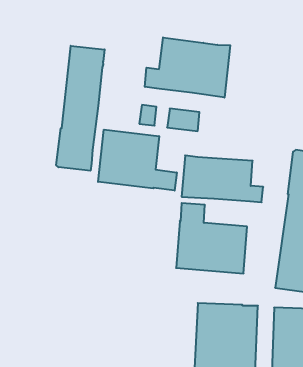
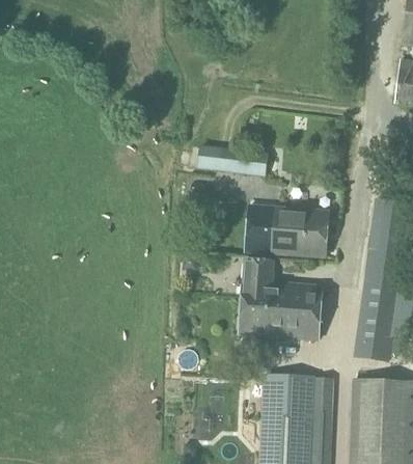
building: [145,37,230,98] -> none
building: [56,46,105,171] -> none
building: [98,130,177,191] -> none

